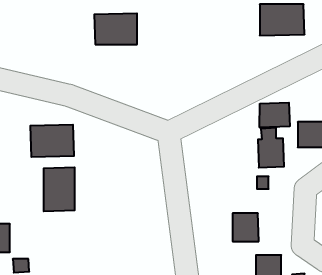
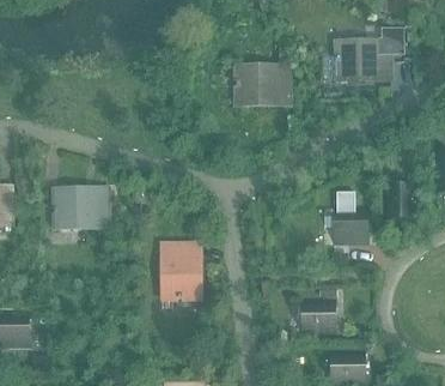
building: [94,13,137,44] -> [236,65,288,103]
building: [260,103,290,127] -> none
building: [44,167,75,211] -> [161,243,200,297]

